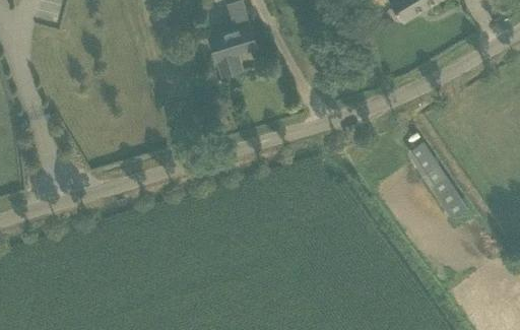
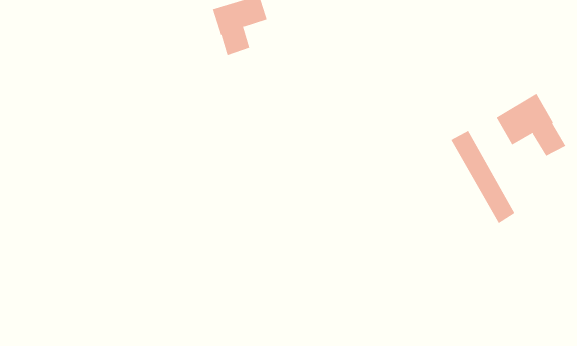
building: none -> [496,93,566,157]

